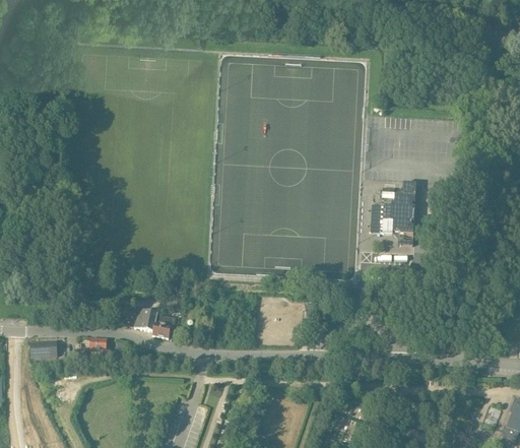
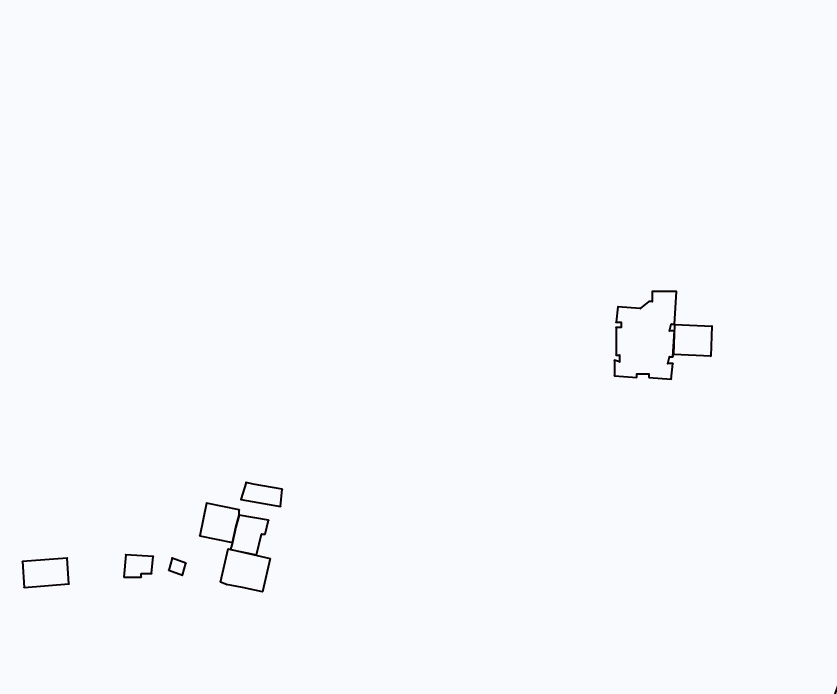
building: none -> [674,324,712,356]
building: none -> [221,549,270,592]

